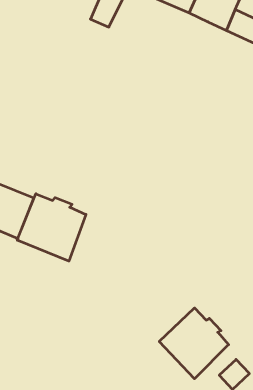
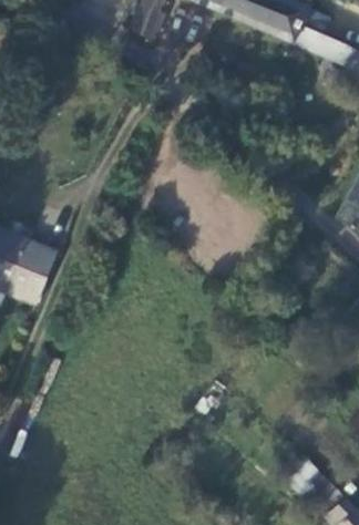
building: [17,194,86,261] -> none
building: [159,308,229,379] -> none

